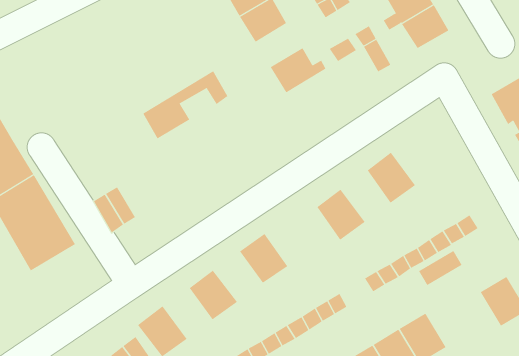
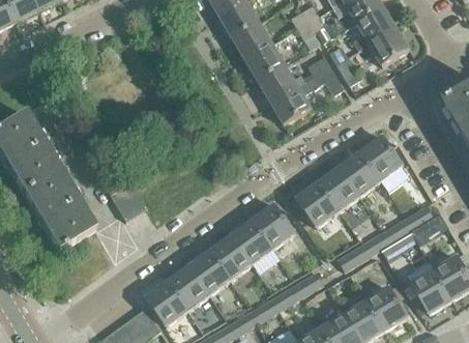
building: none -> [245,42,286,80]
building: [142,70,228,139] -> [271,65,344,123]
building: none -> [360,136,402,179]
building: none -> [318,167,359,210]
building: none -> [254,204,295,248]
building: none -> [210,235,252,278]
building: none -> [168,266,209,309]
building: none -> [412,269,452,313]

